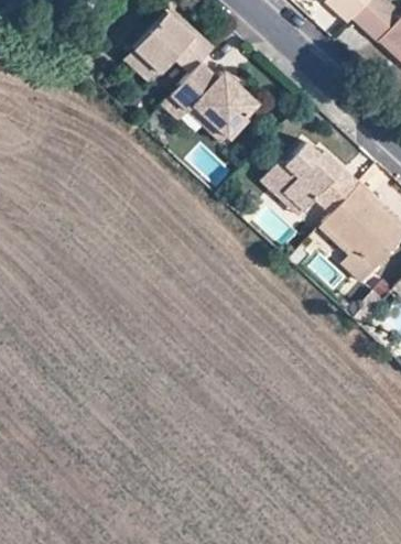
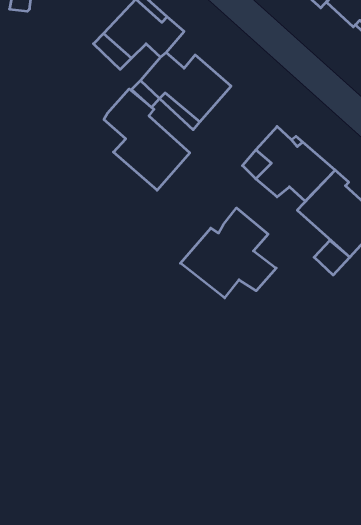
building: none -> [104,89,190,190]
building: none -> [180,208,276,298]

